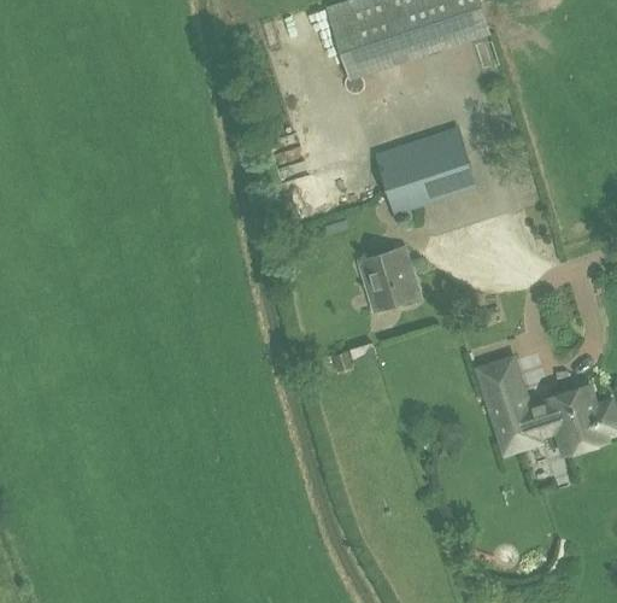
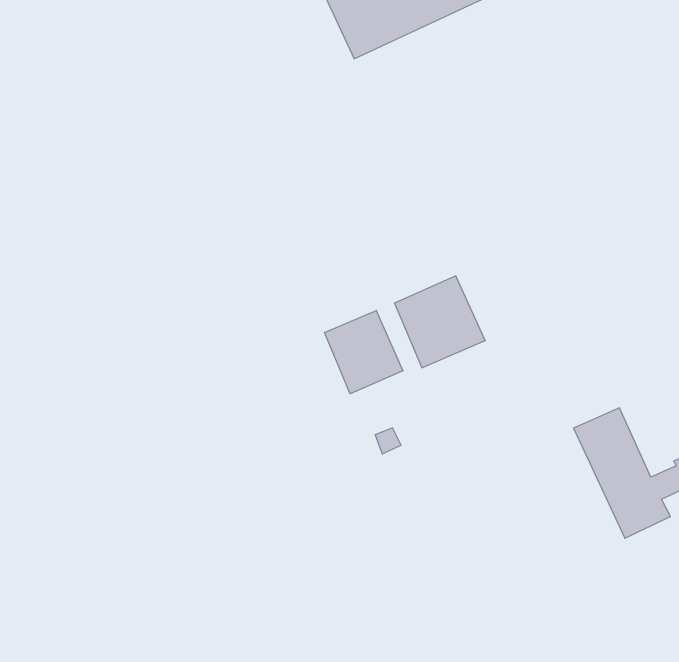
building: [377,136,460,207] -> none
building: none -> [325,310,403,394]

